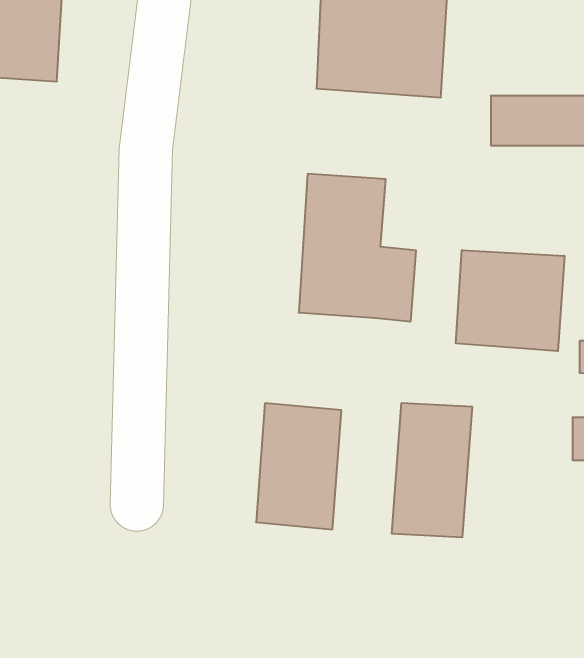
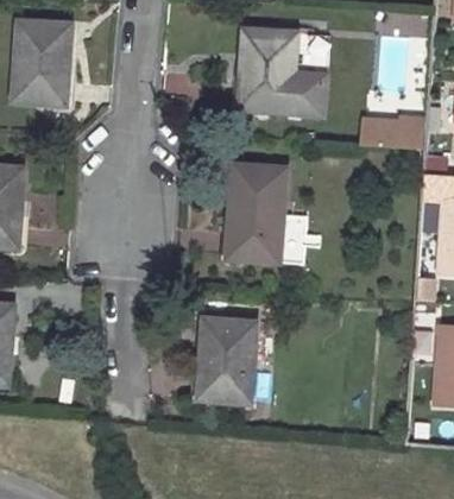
building: [456,250,564,351] -> none
building: [392,403,472,537] -> none

